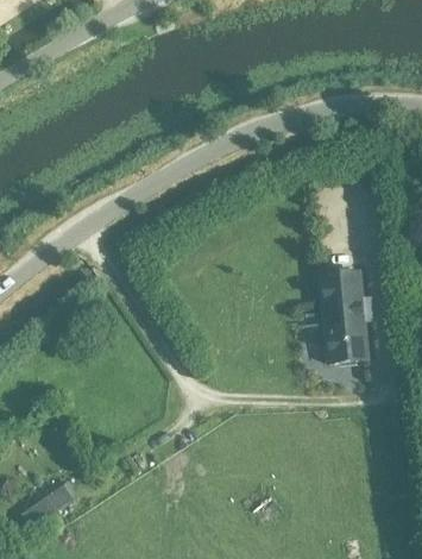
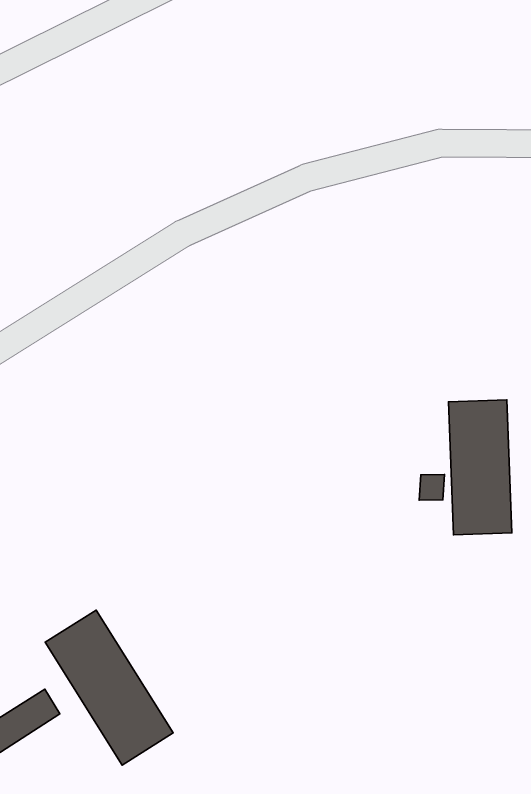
building: none -> [45,610,173,765]

